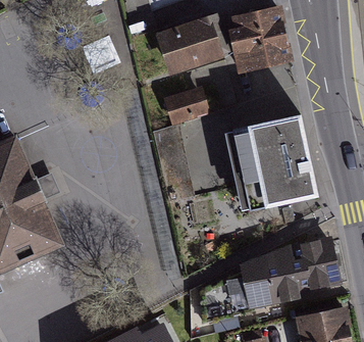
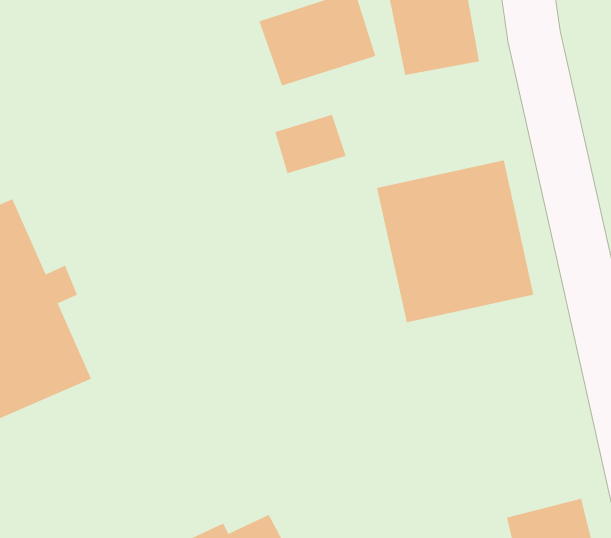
building: [244,239,341,304] -> none

